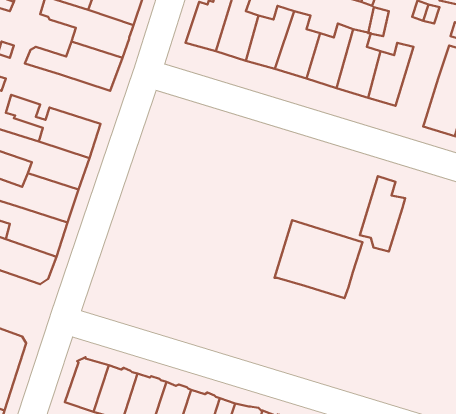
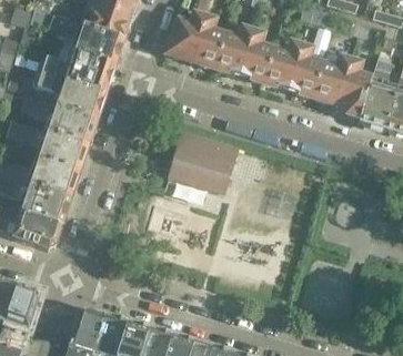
building: none -> [32,70,104,119]
building: [360,176,405,252] -> [335,57,372,118]
building: [274,220,362,298] -> [167,130,238,193]

